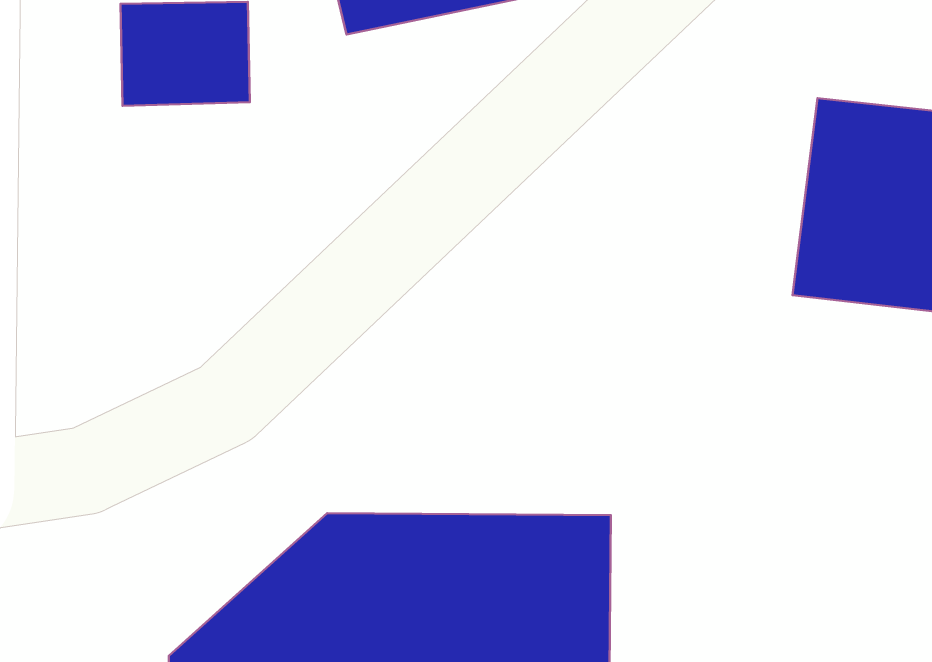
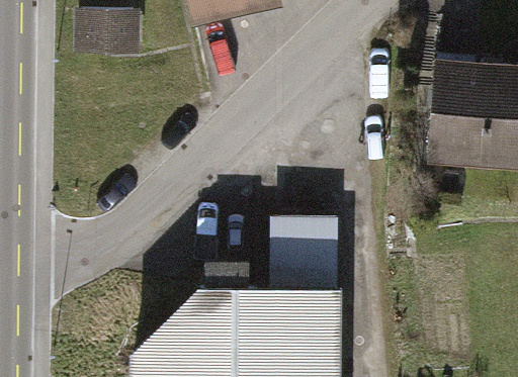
building: none -> [273,216,345,270]

